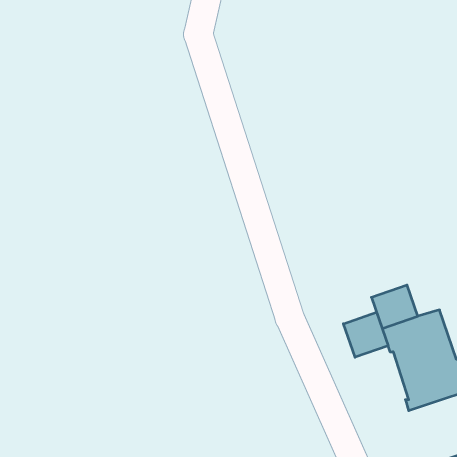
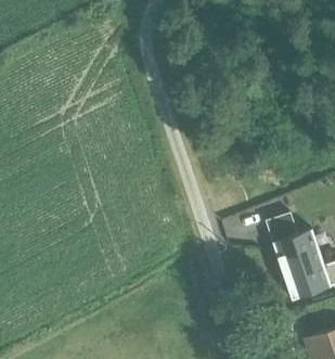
building: [343,312,388,357] -> none

